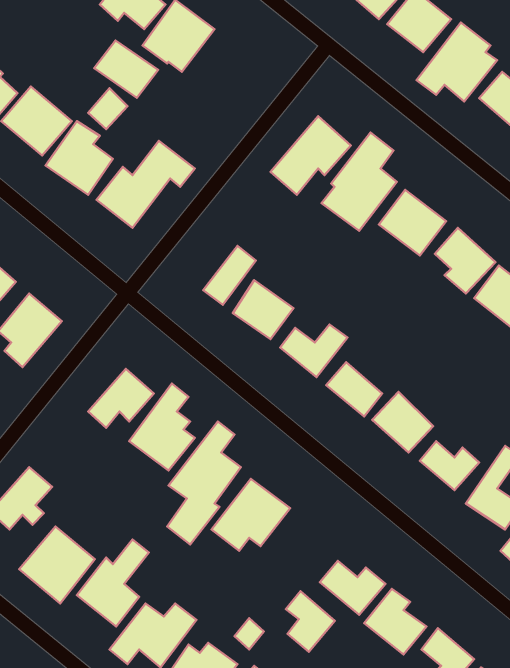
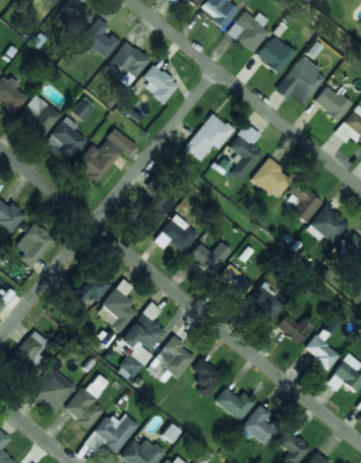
building: [94,40,158,98] -> [139,65,179,101]
building: [286,591,335,652] -> [192,358,223,396]

